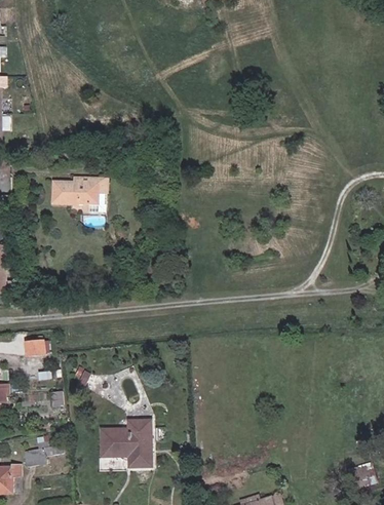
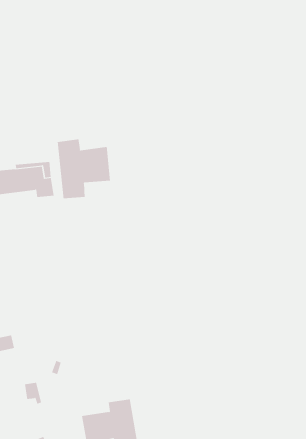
building: none -> [57,138,111,199]

